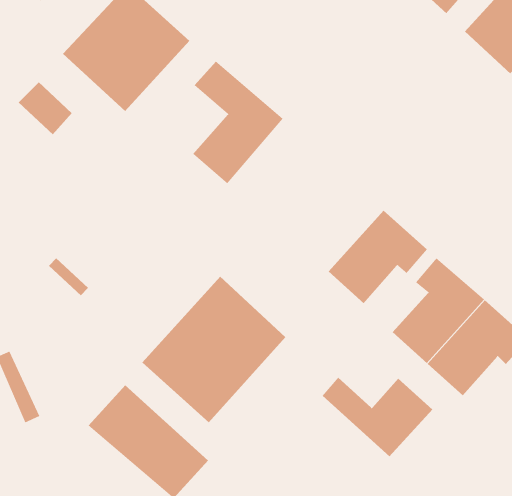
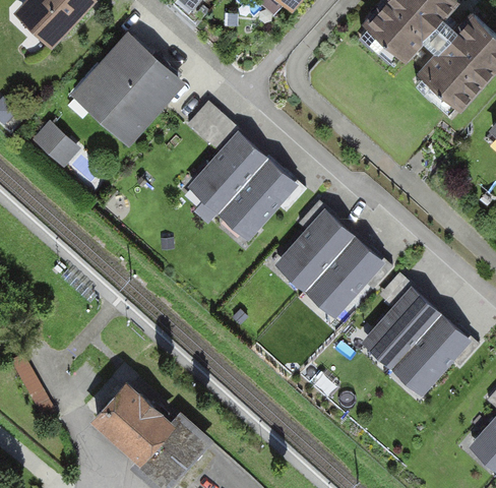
building: none -> [215,154,304,238]
building: none -> [274,201,352,287]
building: [142,276,286,423] -> none
building: [322,377,433,457] -> none

